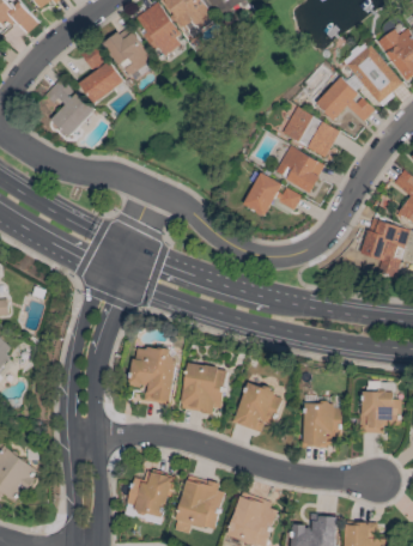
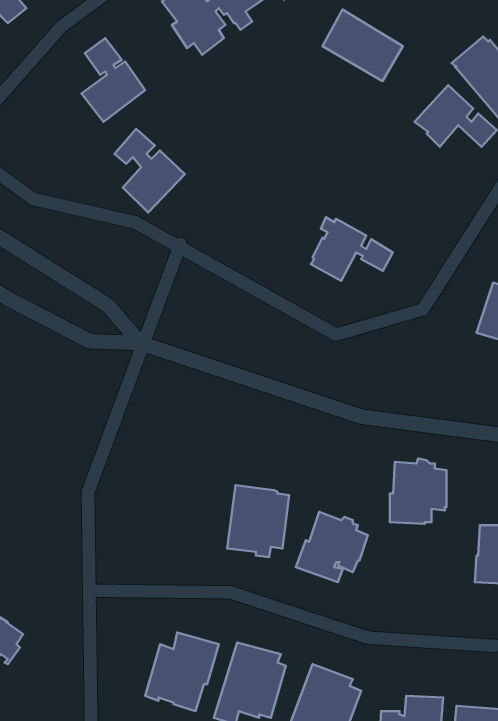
building: [103,26,152,75] -> none
building: [44,77,95,136] -> [115,129,185,213]
building: [281,105,339,157] -> [322,9,403,81]
building: [274,145,323,194] -> none
building: [129,347,180,405] -> none
building: [302,400,342,447] -> [390,458,447,524]

